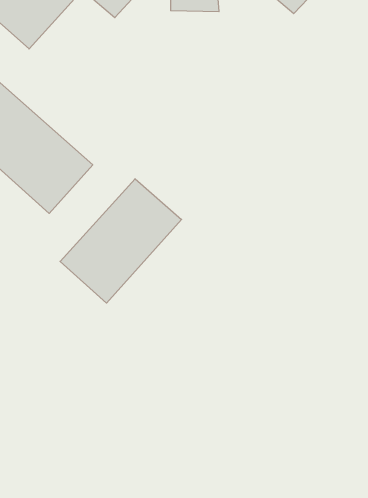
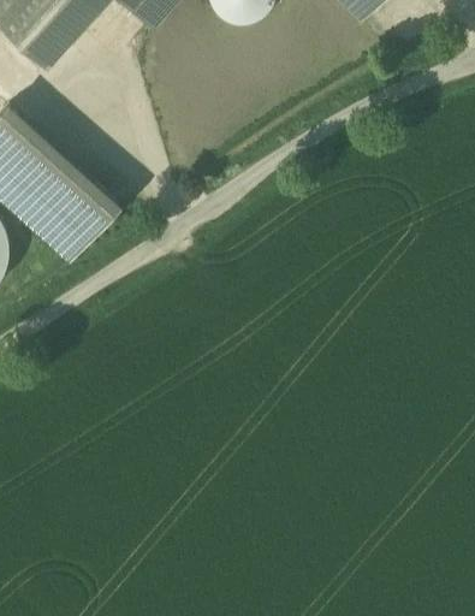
building: [60,179,182,303] -> none

